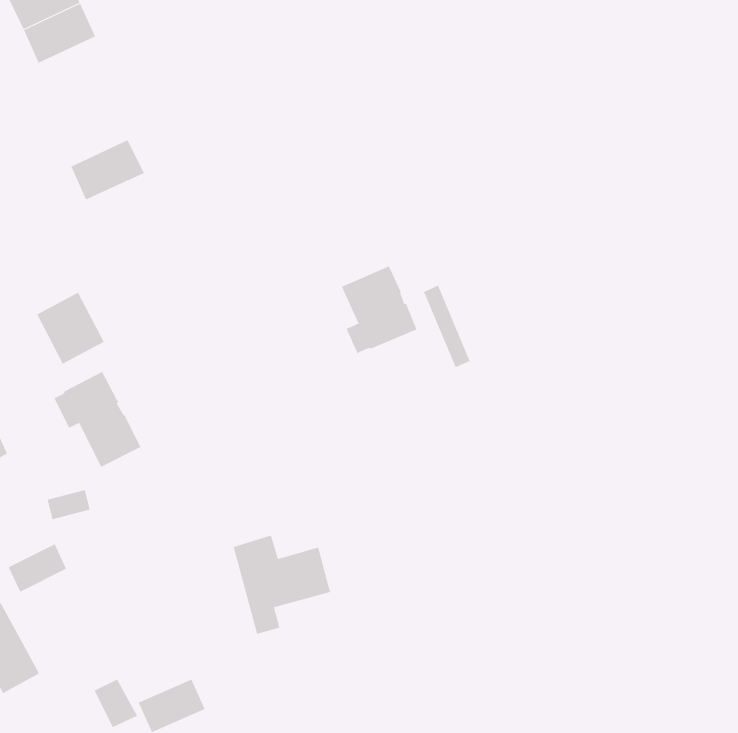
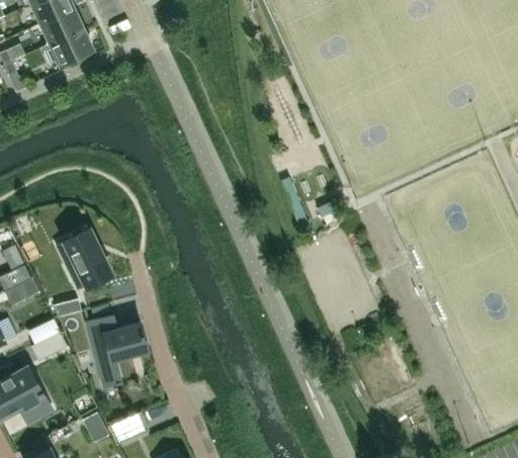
building: [70,139,145,200] -> [50,28,94,65]
building: [341,266,417,354] -> none
building: [36,292,104,365] -> none
building: [233,535,331,635] -> [88,315,147,375]

